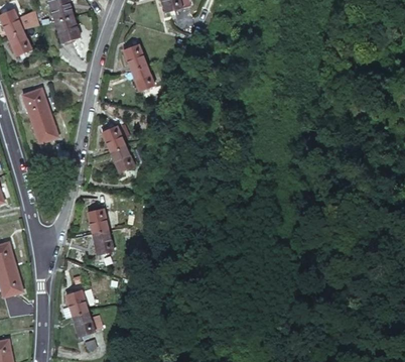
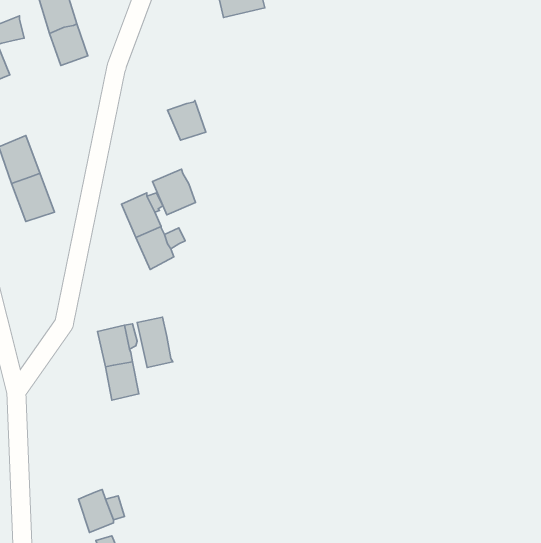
building: [123,44,147,72] -> none
building: none -> [153,169,196,215]
building: none -> [137,317,173,367]
building: [66,289,89,318] -> none

